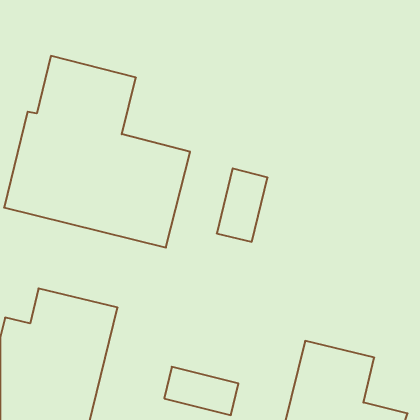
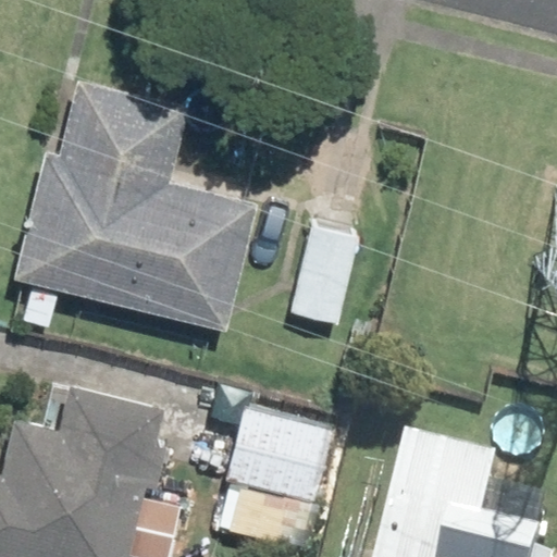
building: none -> [226,410,334,500]

